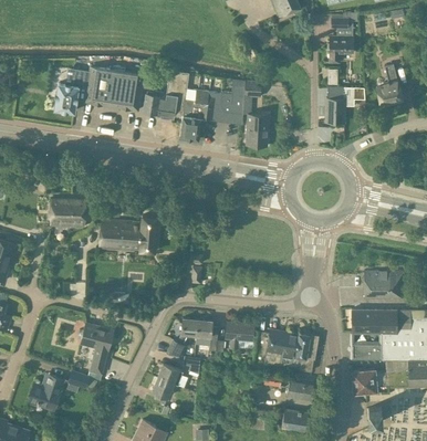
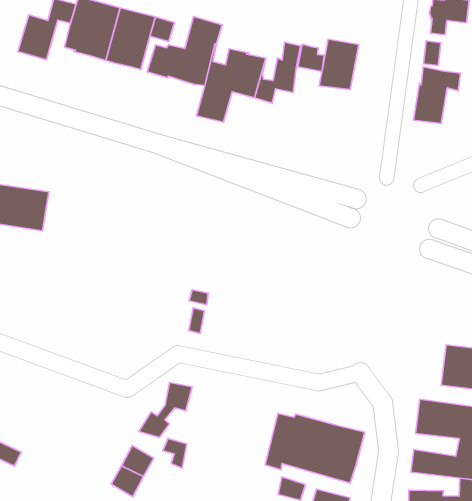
building: [247,113,270,145] -> [319,39,359,89]
building: [100,214,158,251] -> none
building: [197,318,218,350] -> none
building: [82,322,114,372] -> none
building: [226,322,254,348] -> none

